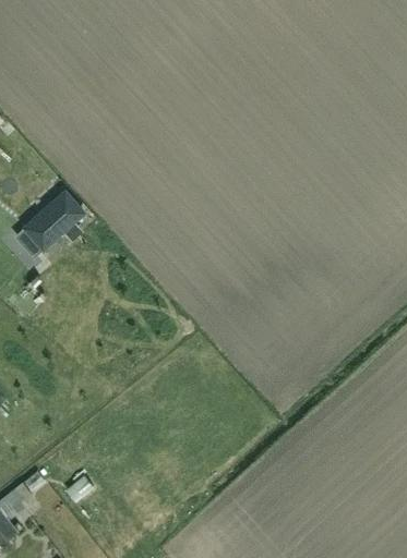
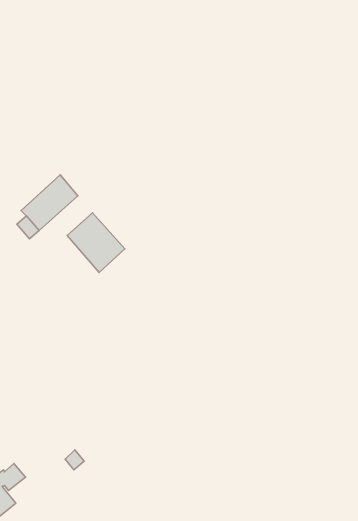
building: none -> [67,213,125,272]

